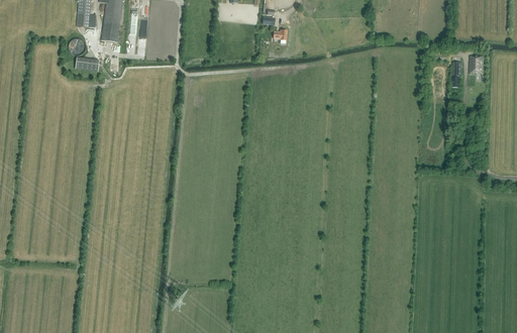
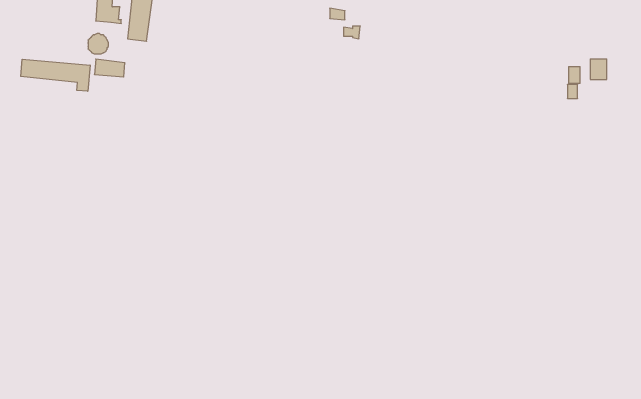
building: none -> [21,59,90,91]

